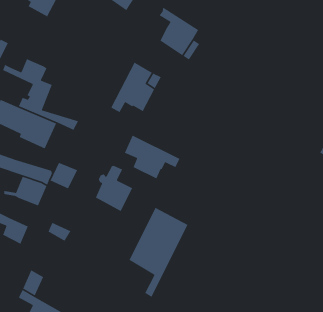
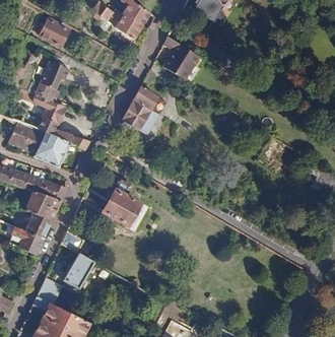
building: none -> [41,61,70,89]
building: [124,134,180,179] -> none
building: [50,162,78,189] -> [25,212,52,238]
building: [128,207,188,298] -> none
building: none -> [63,254,94,290]

